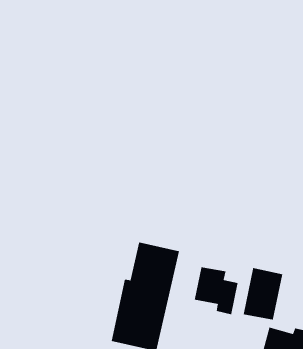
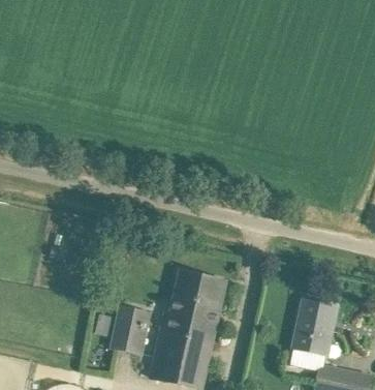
building: [194,266,238,315] -> none
building: none -> [112,305,150,354]

